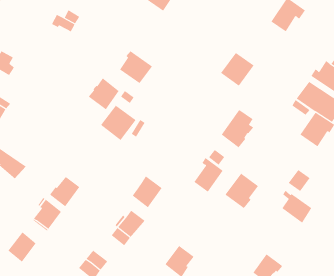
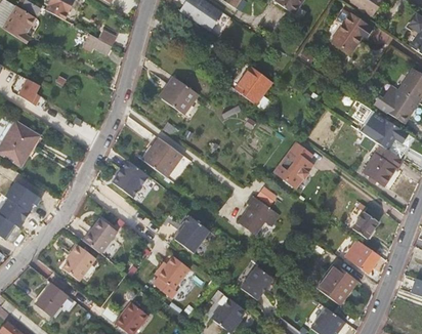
building: [220,52,254,86] -> [236,66,275,105]
building: [88,77,120,110] -> [113,162,149,199]
building: [224,173,259,209] -> [315,260,354,301]
building: none -> [241,265,272,298]

